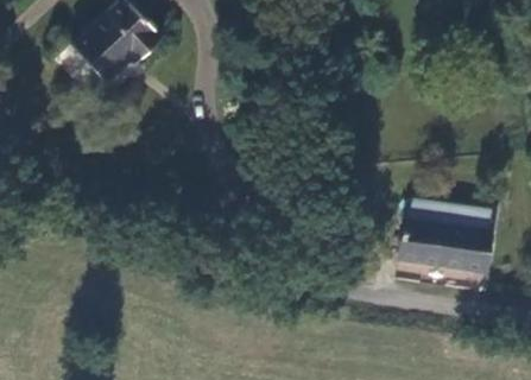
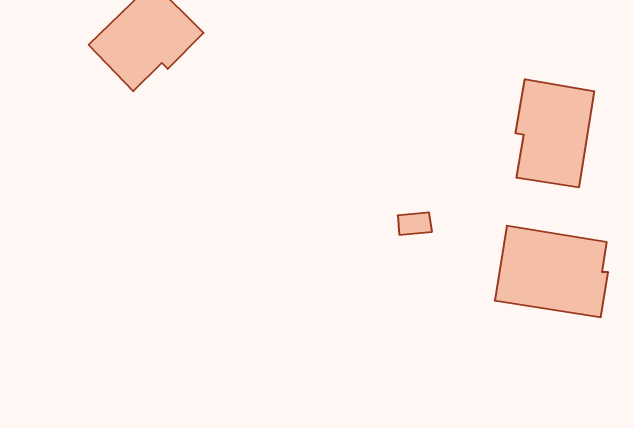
building: none -> [516,79,594,187]

